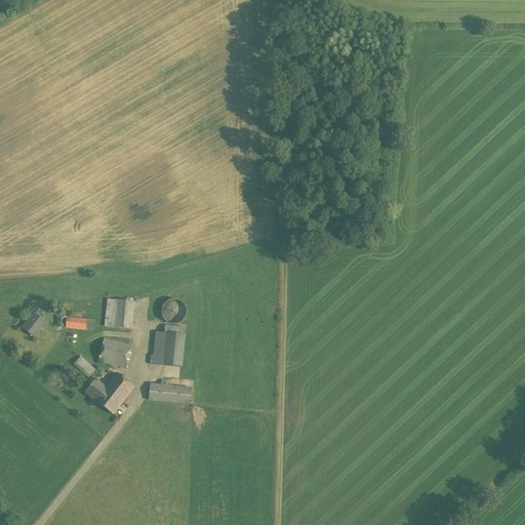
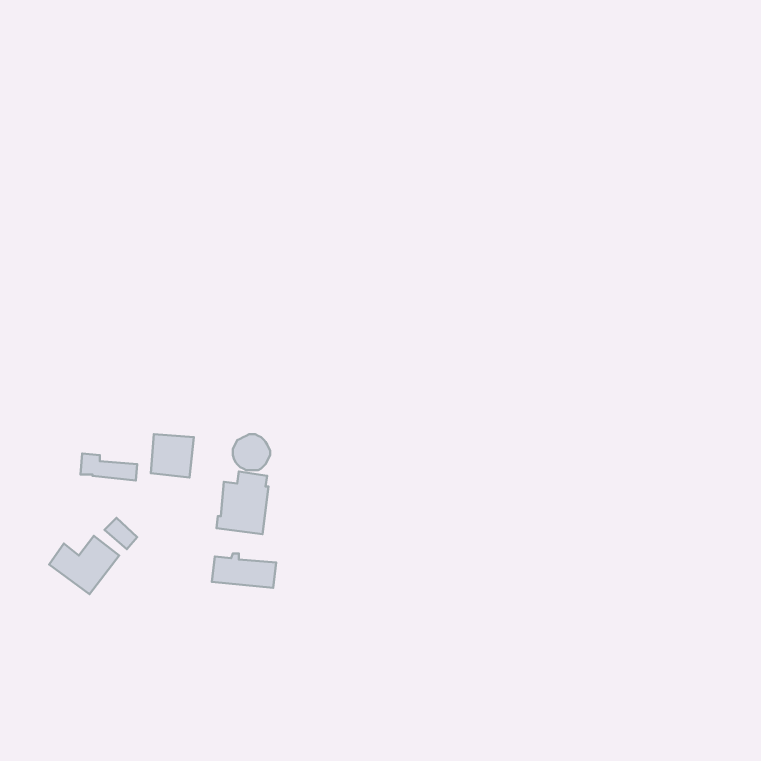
building: [21,306,45,337] -> none
building: [97,337,131,368] -> none
building: [85,373,133,413] -> [49,536,119,594]

